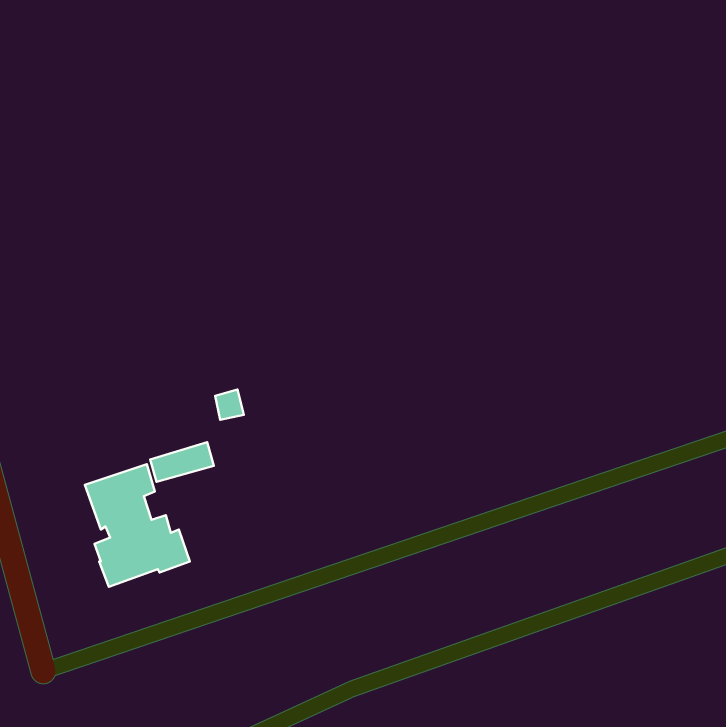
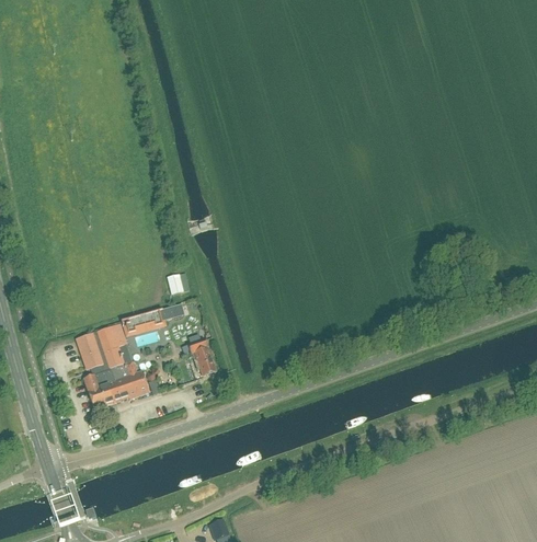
building: none -> [187,337,216,374]

